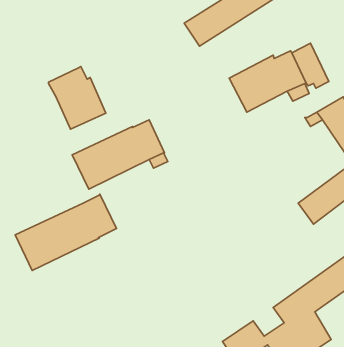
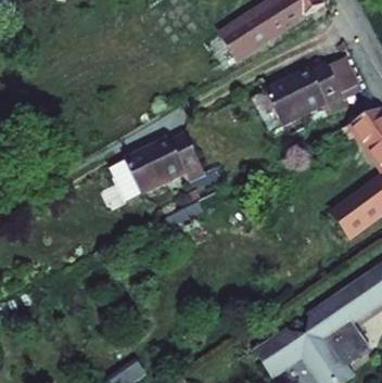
building: [49,67,106,129] -> none
building: [15,194,117,271] -> none

